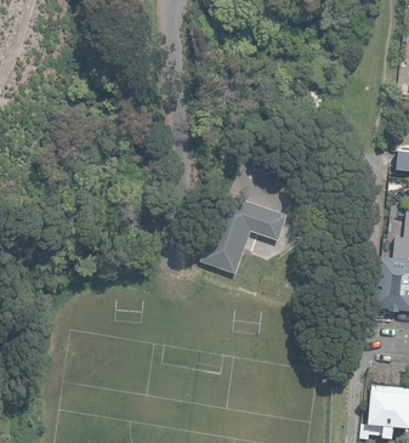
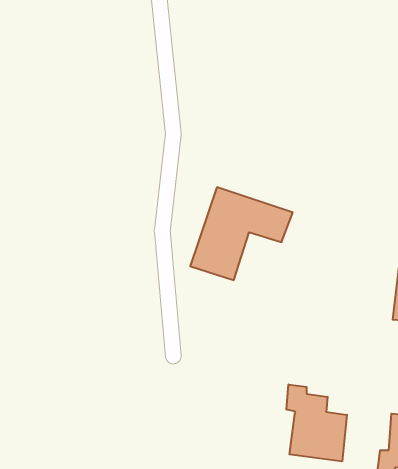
building: none -> [286,384,347,461]

